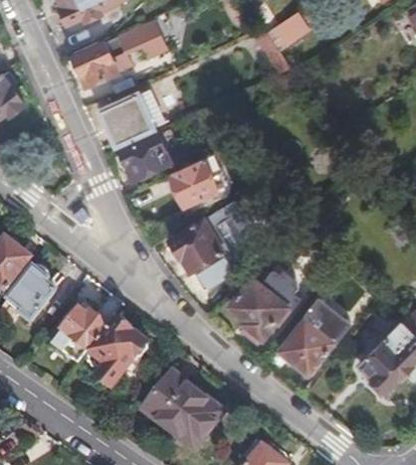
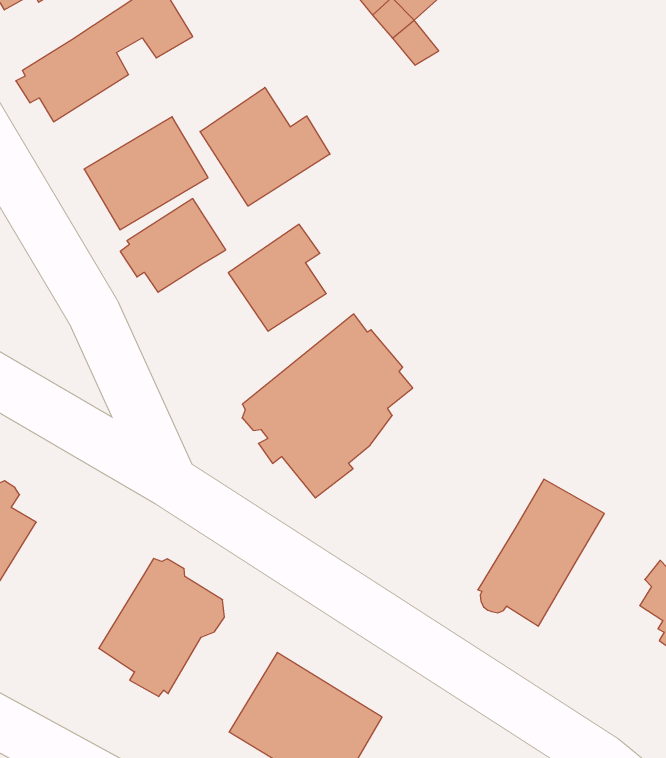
building: none -> [200,87,330,206]
building: [230,267,300,337] -> none
building: [50,303,109,364] -> none

